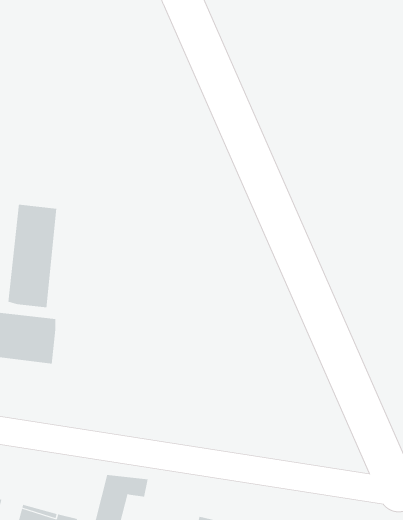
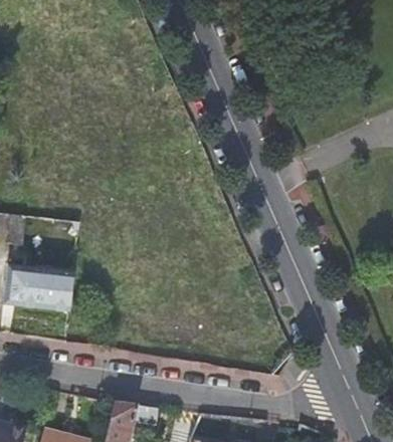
building: [8,204,57,308] -> none

